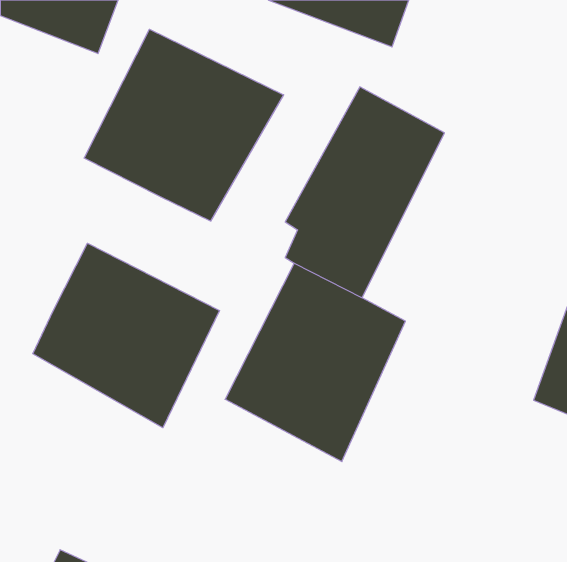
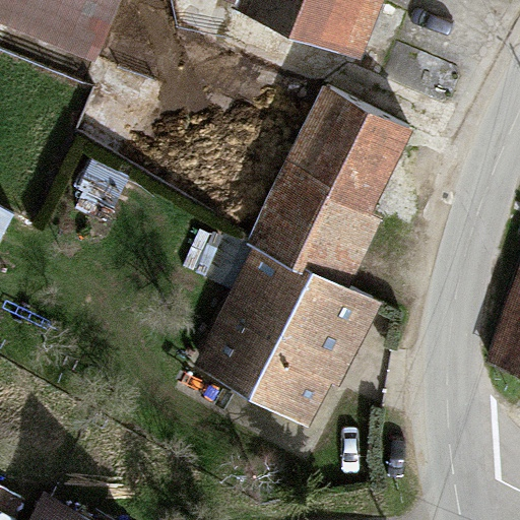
building: [84,29,284,221] -> none
building: [33,243,220,428] -> none

